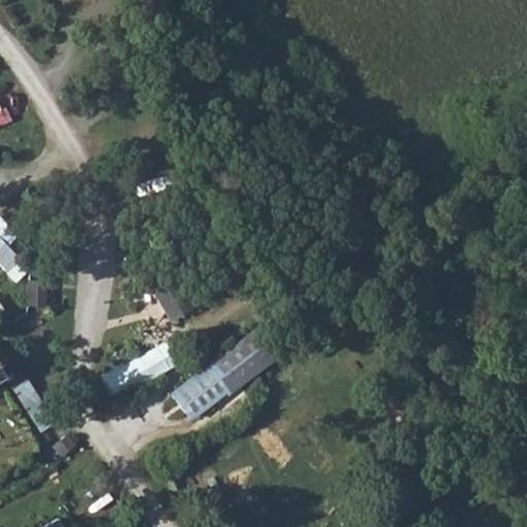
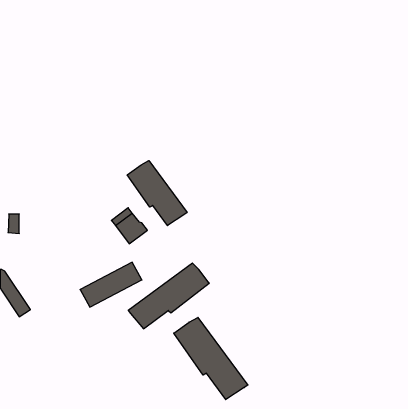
building: none -> [127,161,187,226]
building: none -> [174,317,248,400]

